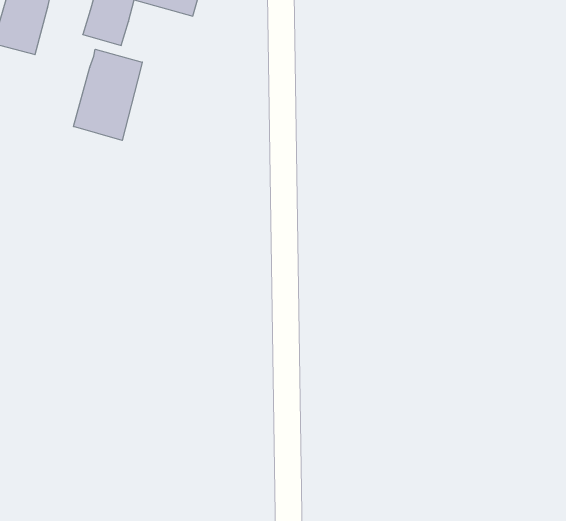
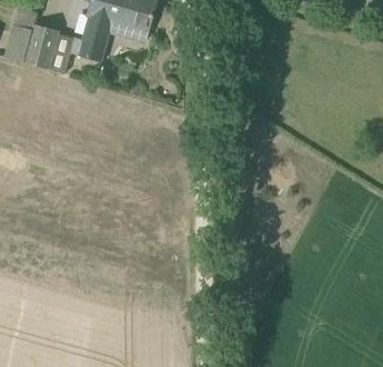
building: [74,49,142,140] -> none

